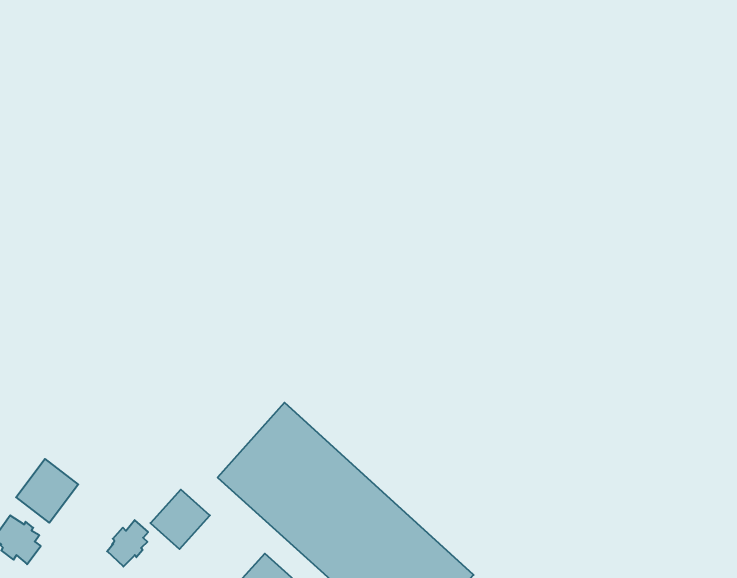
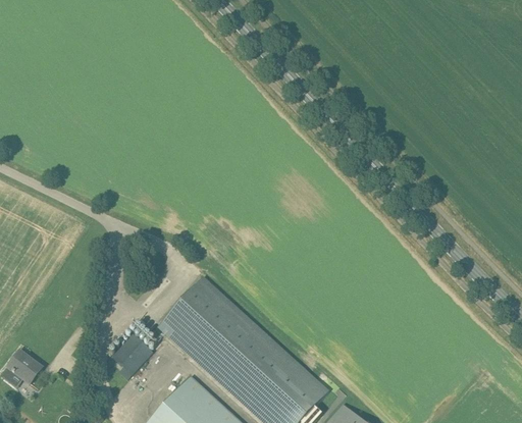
building: [16,459,78,523] -> none
building: [107,520,148,567] -> none

